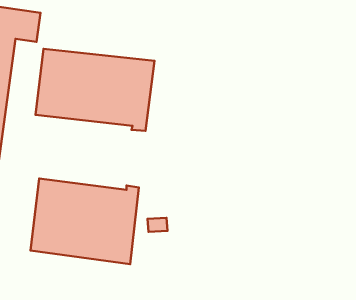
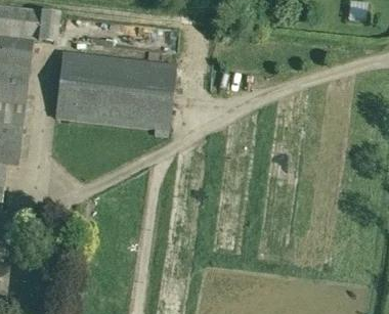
building: [31,178,139,264] -> none

